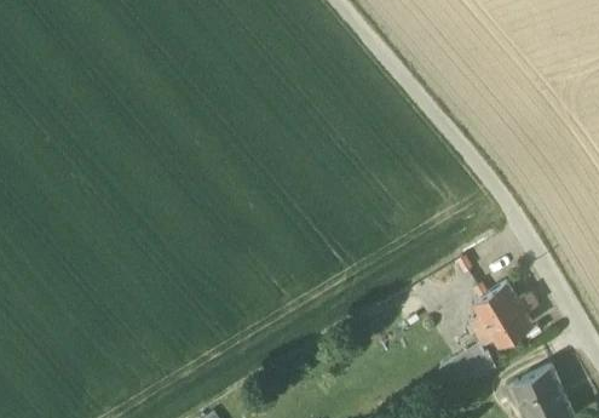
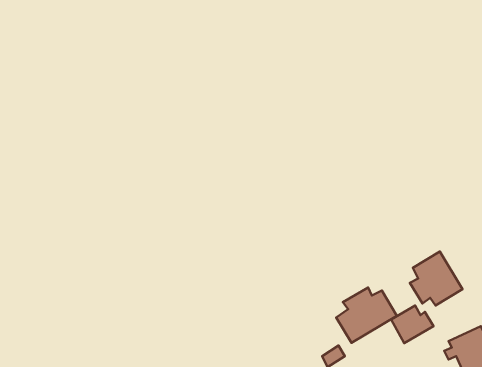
building: none -> [336,288,397,343]

